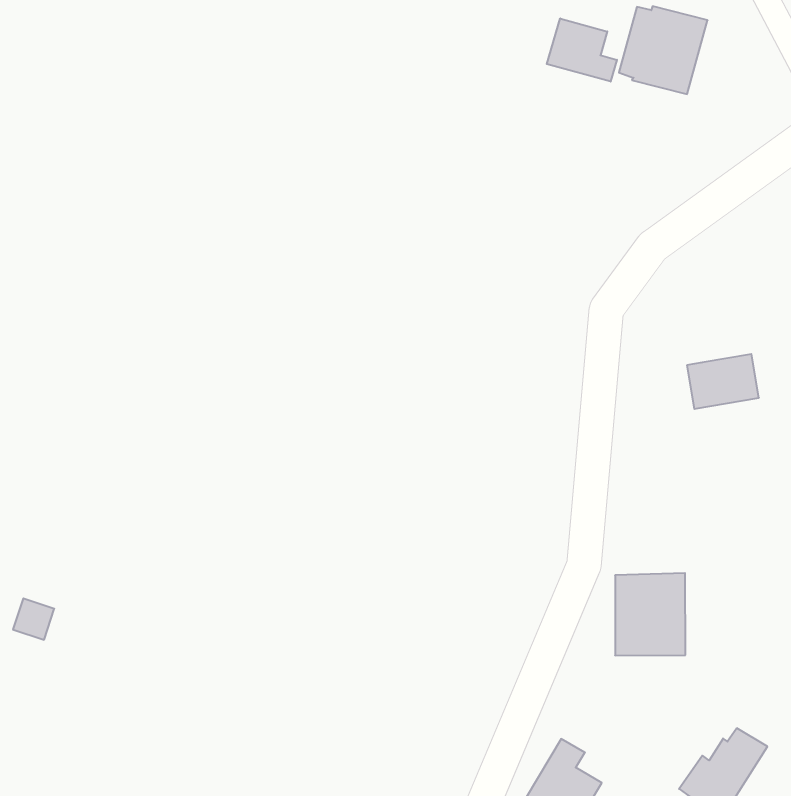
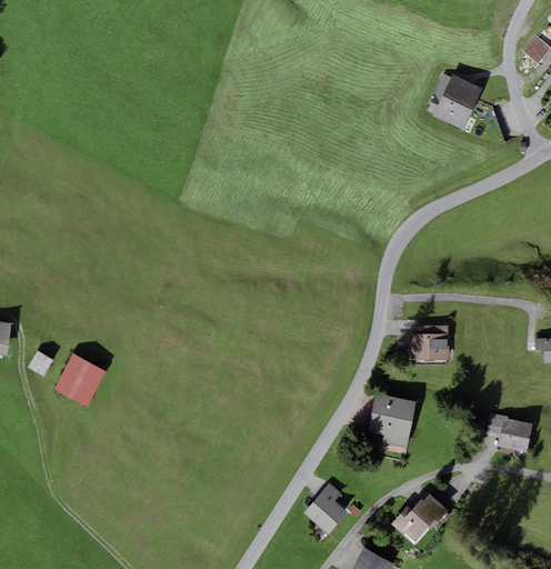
building: [547,18,617,82] -> none
building: [687,354,759,409] -> [410,335,448,360]
building: none -> [54,352,107,408]

